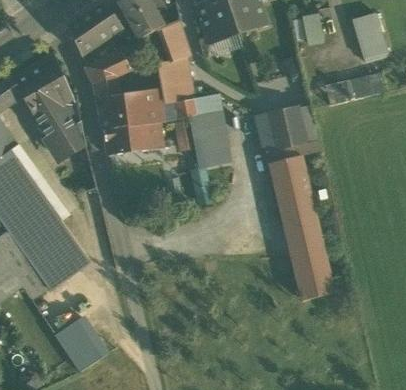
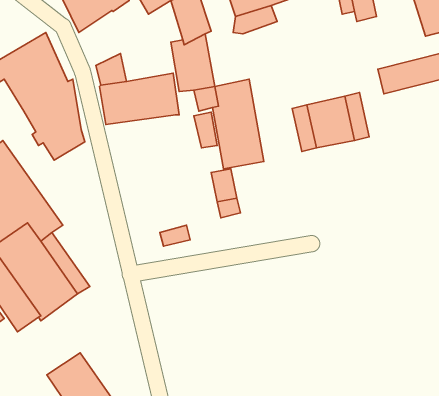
building: [86,50,128,82] -> none
building: [103,122,168,154] -> none
building: [269,155,334,300] -> none

